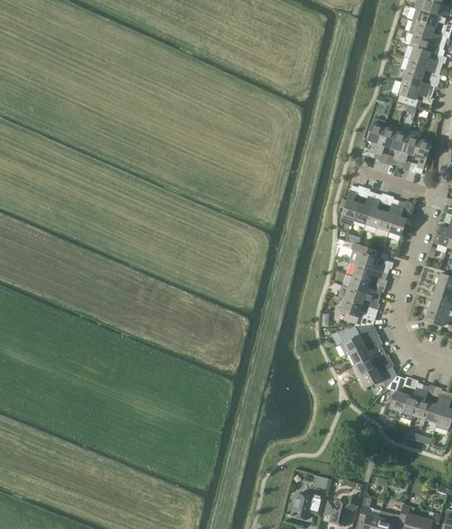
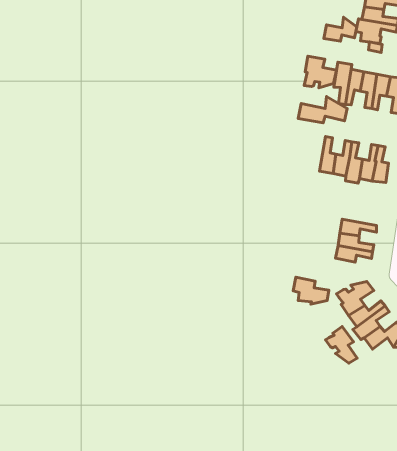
building: none -> [324,17,357,41]
building: none -> [304,56,337,88]
building: none -> [298,97,347,123]
building: [356,245,389,274] -> none
building: [340,299,373,325] -> [293,277,329,304]
building: none -> [326,326,357,363]

